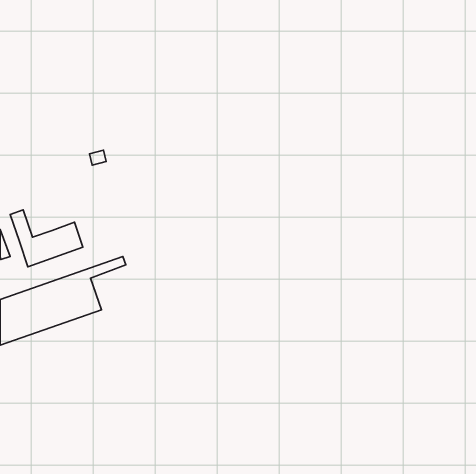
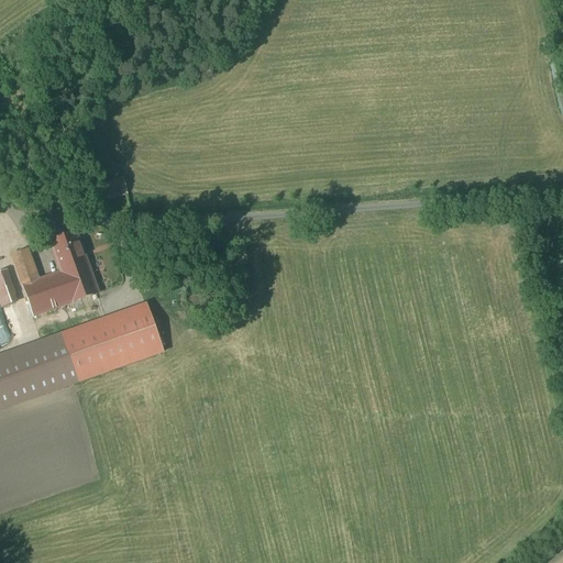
building: none -> [51,231,88,272]
building: none -> [107,312,163,365]

